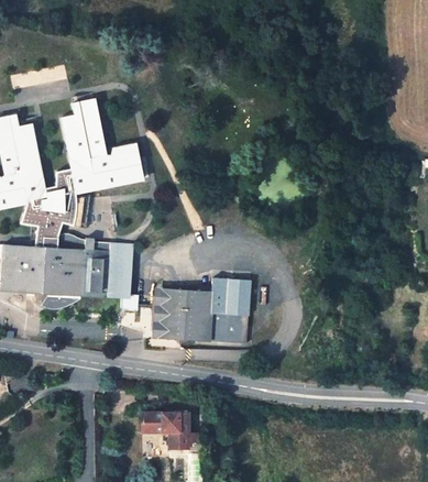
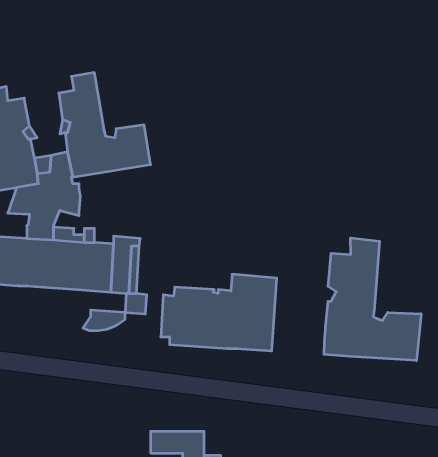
building: none -> [324,238,421,361]
building: [43,288,79,306] -> [83,310,125,331]

